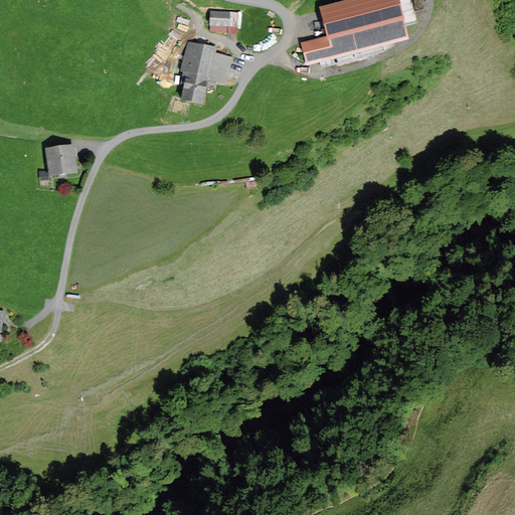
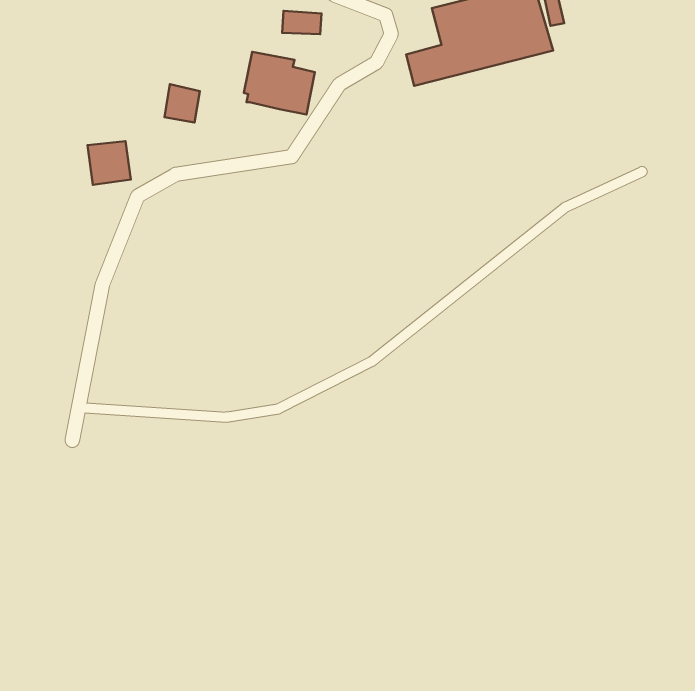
building: [180,75,206,104] -> [164,84,200,122]
building: [44,144,76,176] -> [87,141,131,185]

